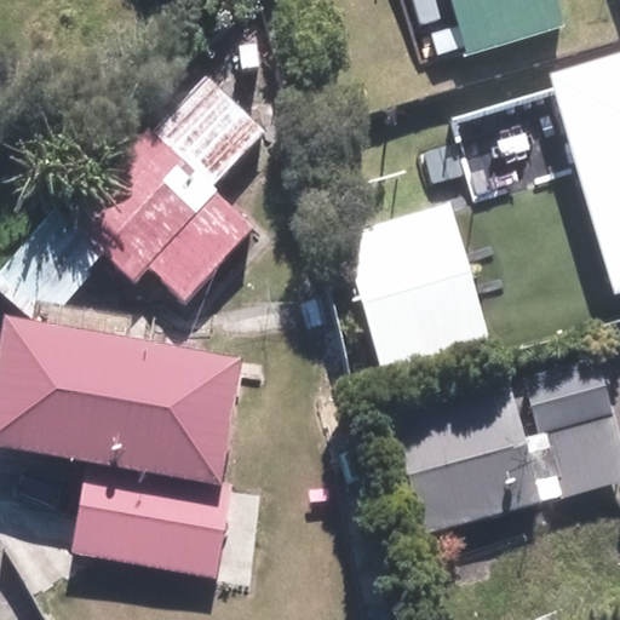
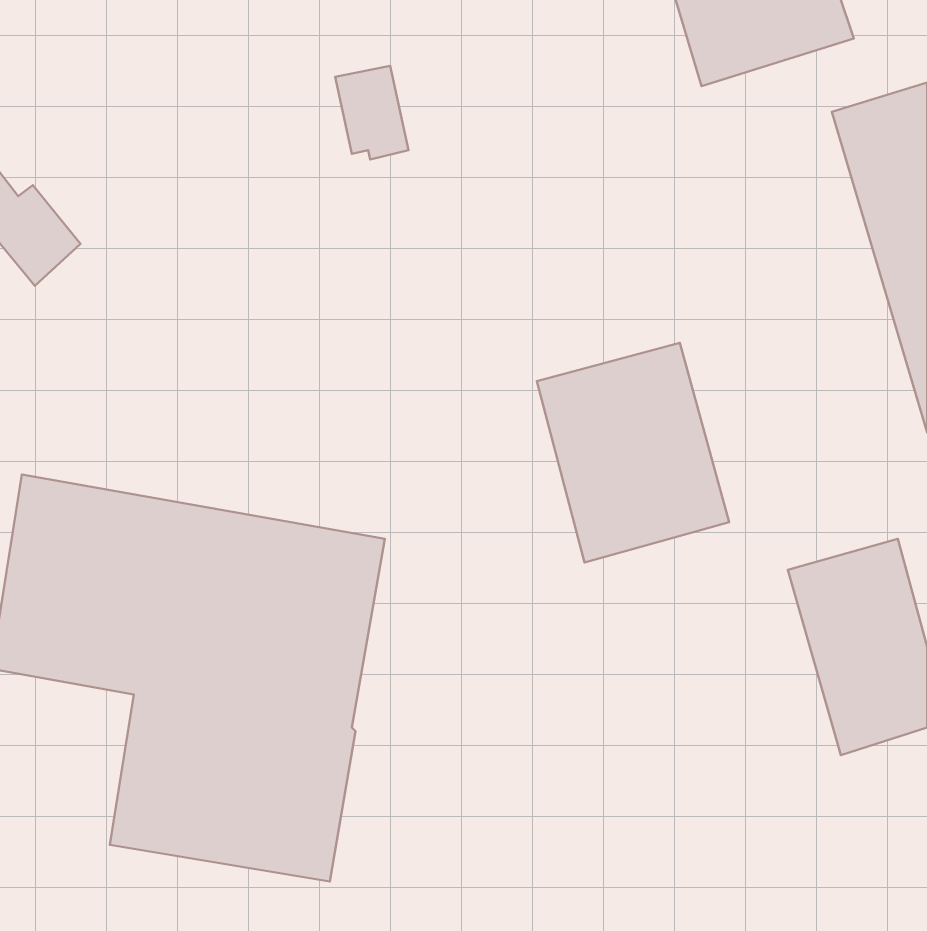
building: [62,80,260,300] -> none
building: [396,380,542,533] -> none

